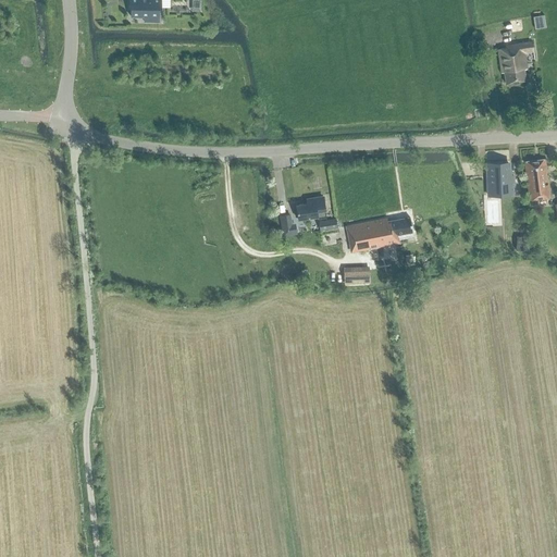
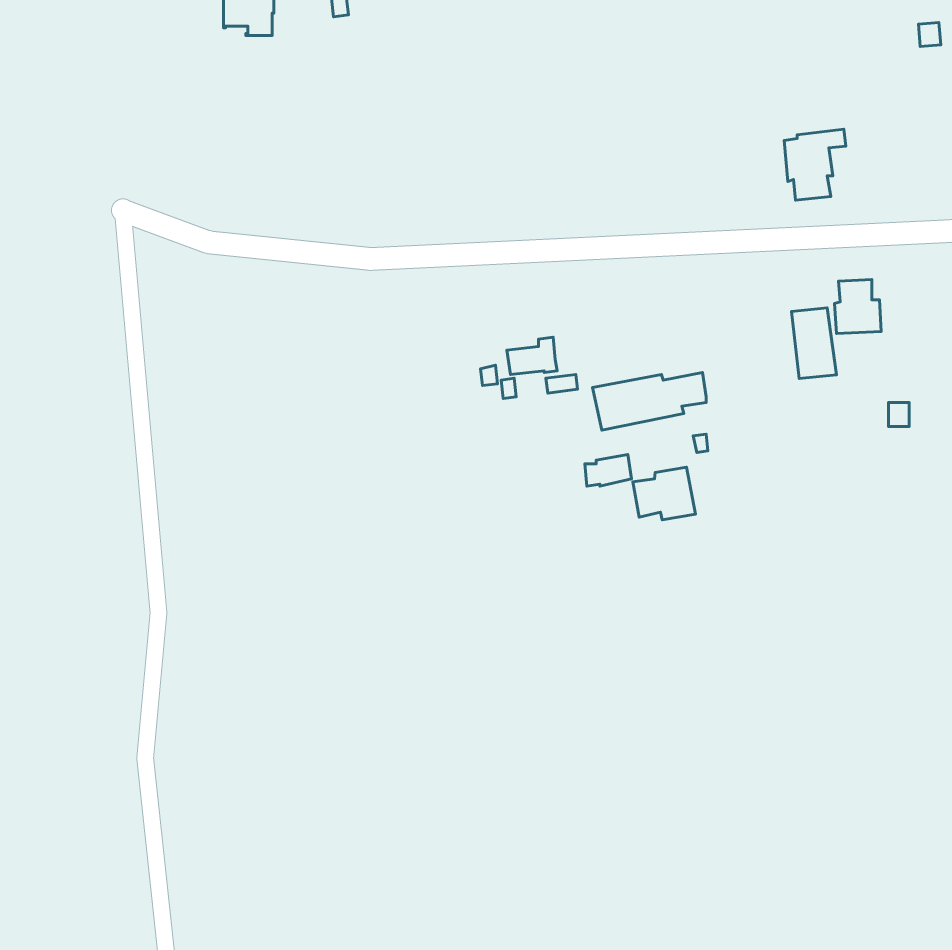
building: [498,41,534,83] -> [784,129,846,200]
building: [524,159,550,200] -> [792,308,836,379]
building: none -> [633,467,696,520]

